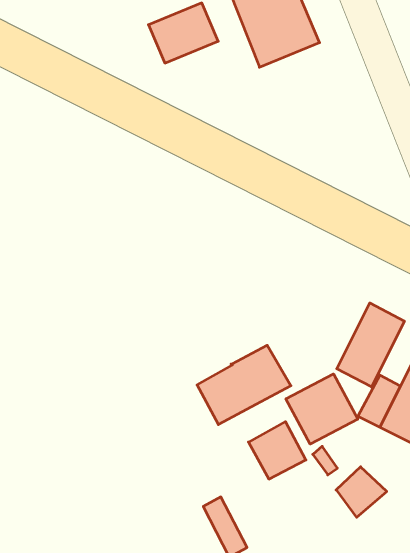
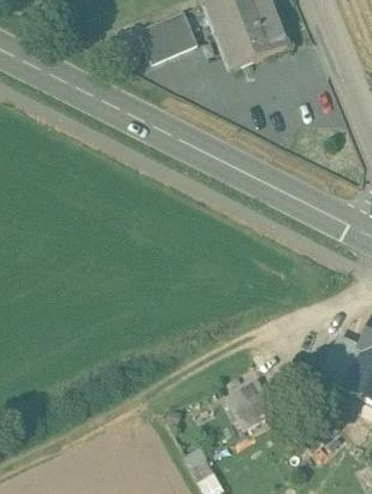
building: [337,303,404,387] -> none
building: [197,345,291,425] -> none
building: [286,374,358,444] -> none

